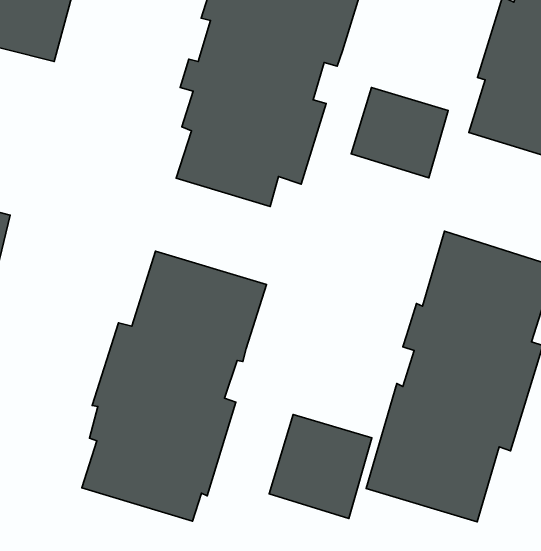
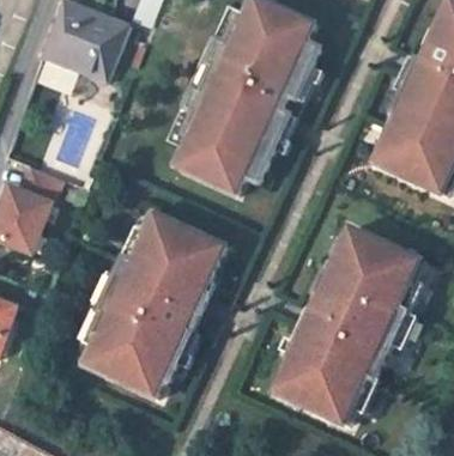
building: [351,87,448,178] -> none
building: [269,415,372,518] -> none

